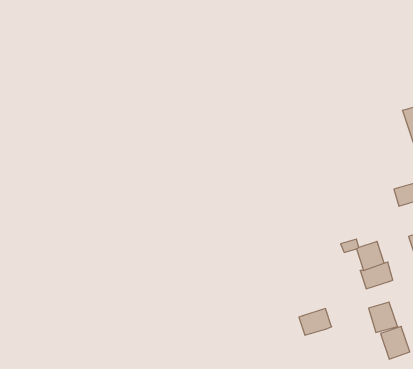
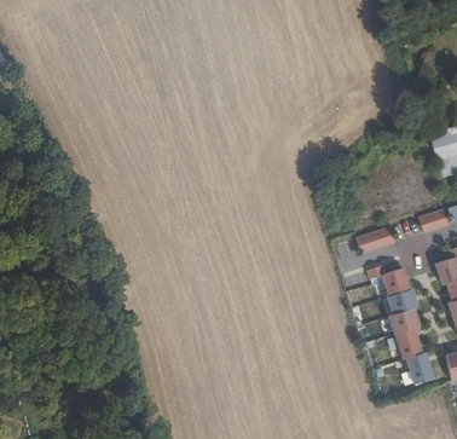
building: none -> [354,225,394,253]
building: [299,309,332,335] -> [387,307,420,334]

